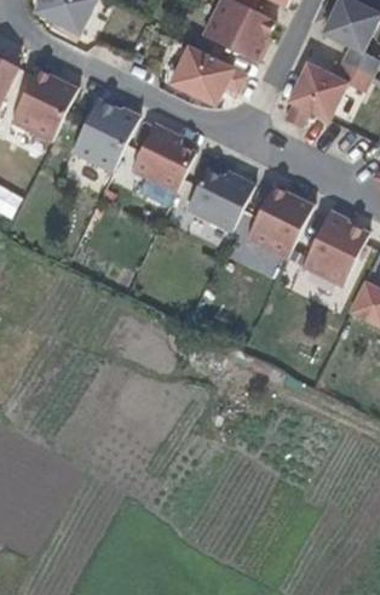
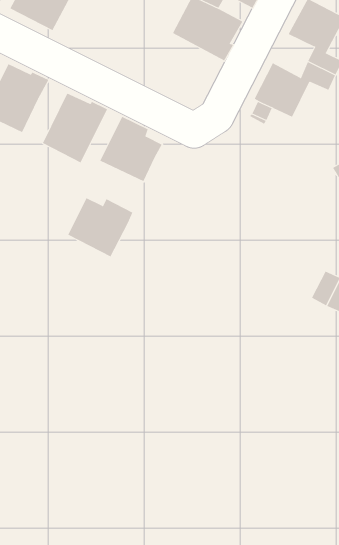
building: [172,47,247,107] -> none
building: [185,167,253,229] -> [68,197,133,257]
building: [244,184,313,257] -> none
building: [301,208,368,285] -> none

